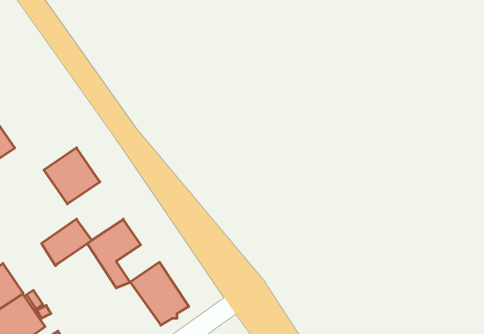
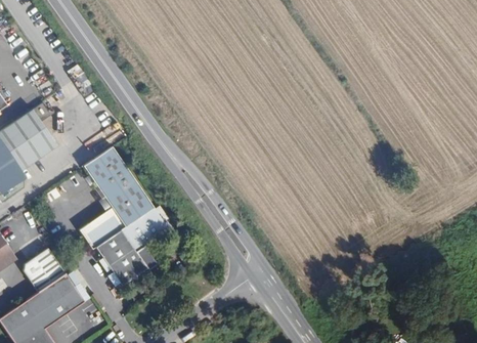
building: none -> [102,175,151,226]
building: [130,262,189,325] -> [94,229,145,285]

